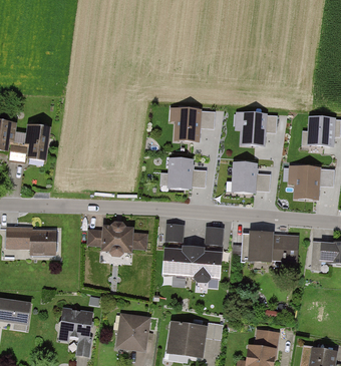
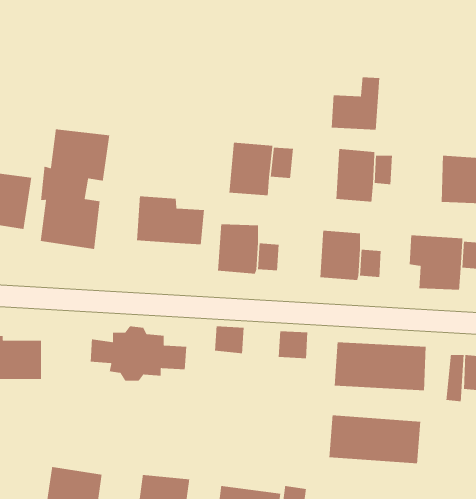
building: none -> [331,76,380,131]
building: none -> [40,129,110,250]
building: none -> [136,195,205,245]
building: [162,245,221,276] -> [329,415,421,464]

